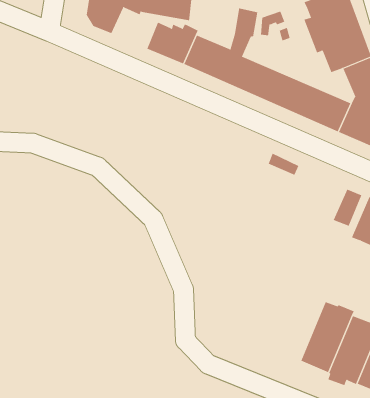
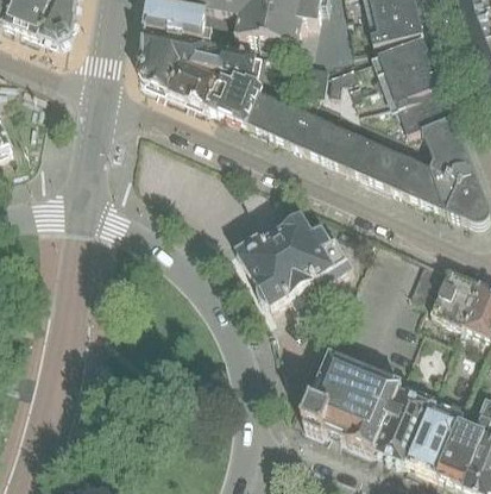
building: none -> [166,60,250,105]
building: none -> [235,218,352,306]
building: none -> [302,348,402,449]

